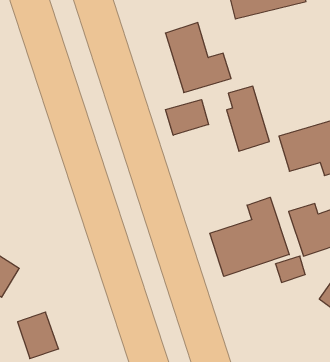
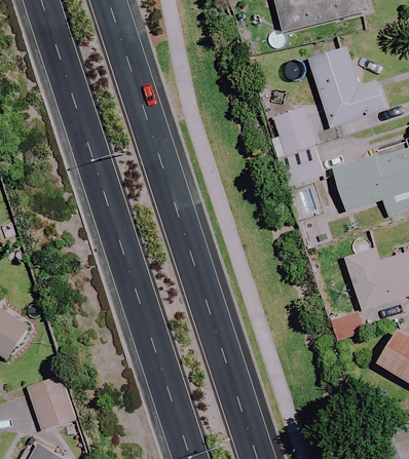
building: [165,23,231,93] -> [307,44,384,126]
building: [166,100,209,135] -> none
building: [210,197,289,276] -> none

